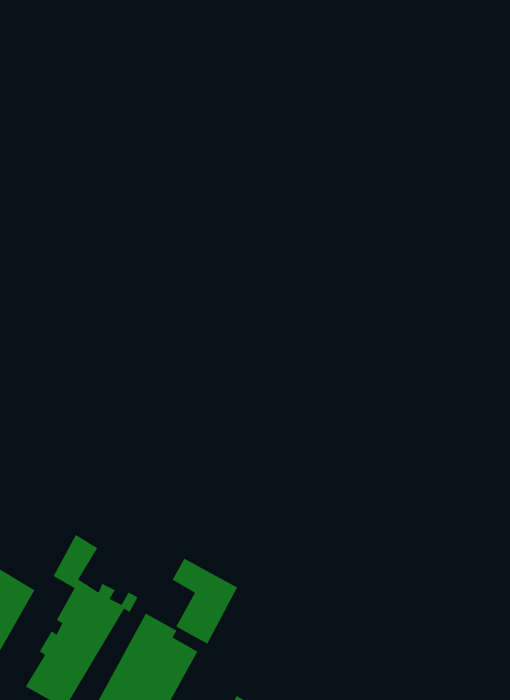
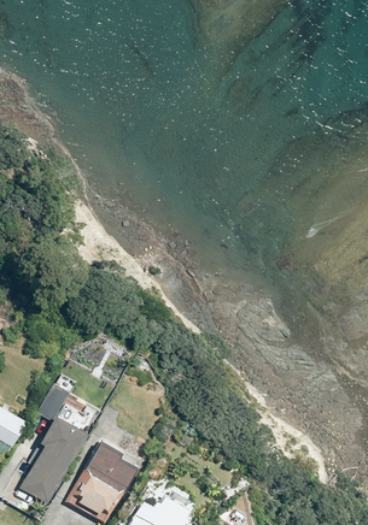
building: [172,558,238,645] -> none

